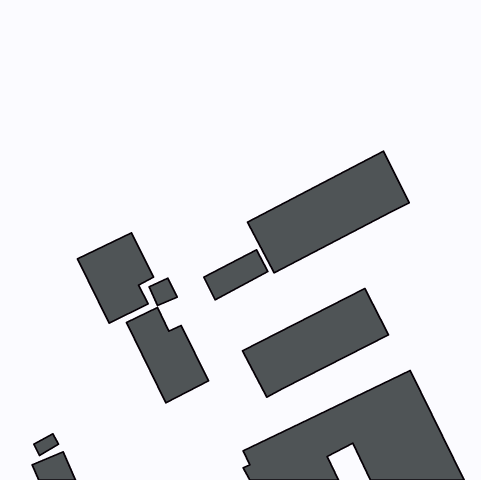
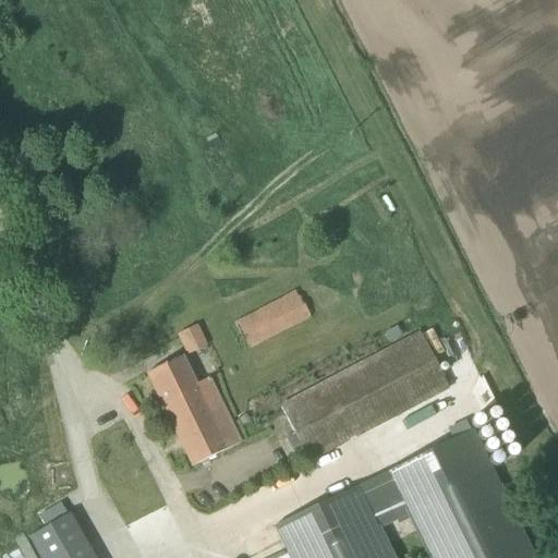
building: [248,151,409,273] -> none
building: [77,233,154,323] -> none

